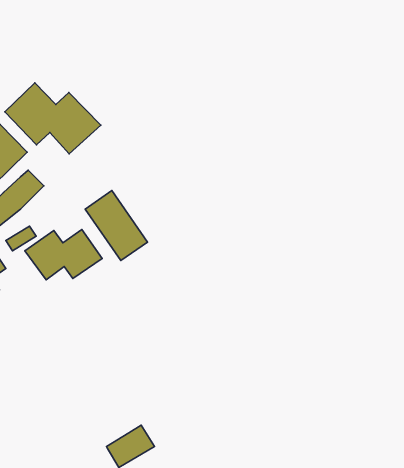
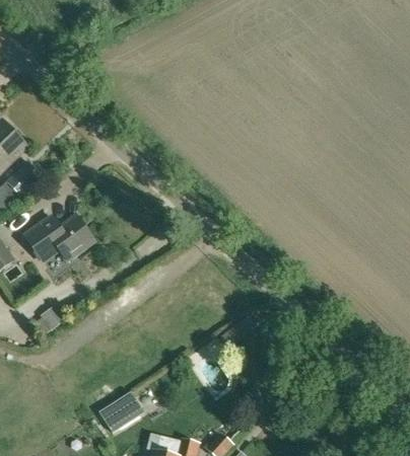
building: [5,83,101,154] -> none
building: [85,191,147,261] -> none

